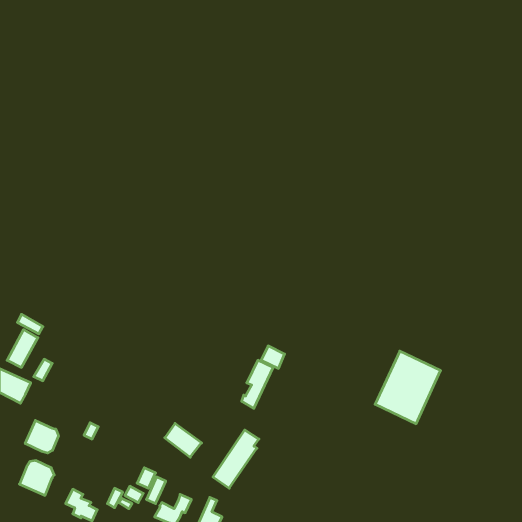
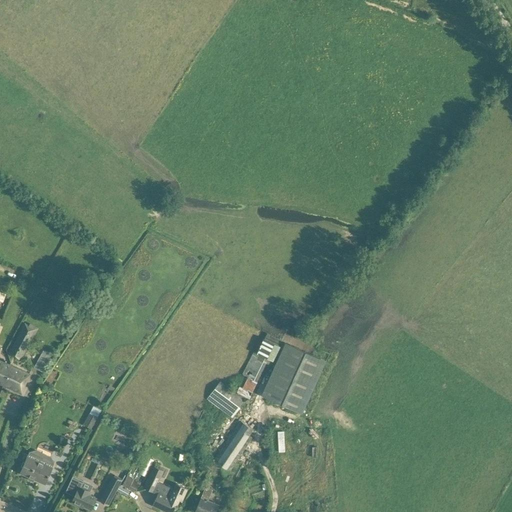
building: [375,351,441,424] -> [261,343,325,414]
building: [25,420,58,453] -> none
building: [165,423,202,457] -> [208,382,244,415]

